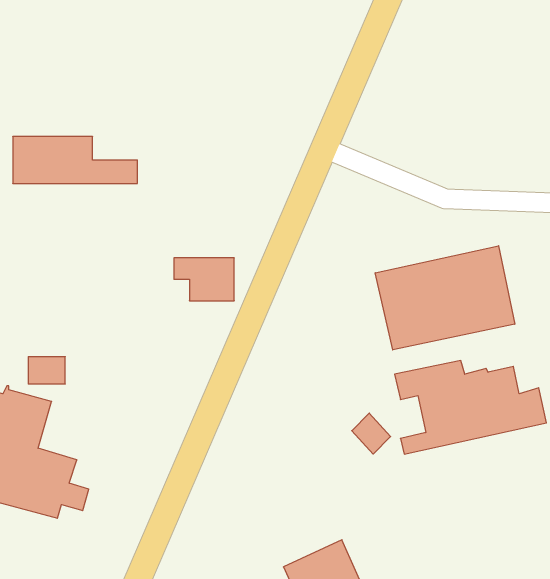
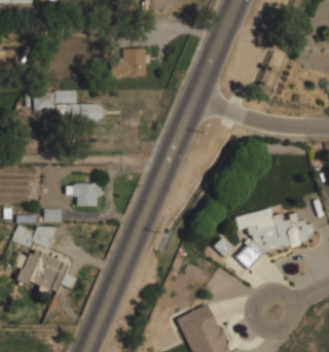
building: none -> [111,47,147,77]
building: [375,246,515,350] -> none
building: [174,258,234,301] -> [68,183,100,206]

